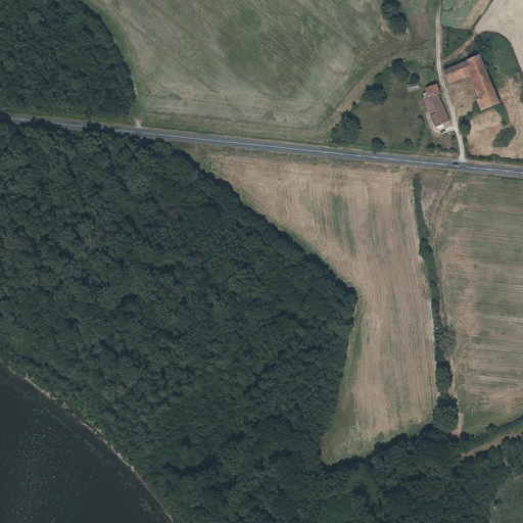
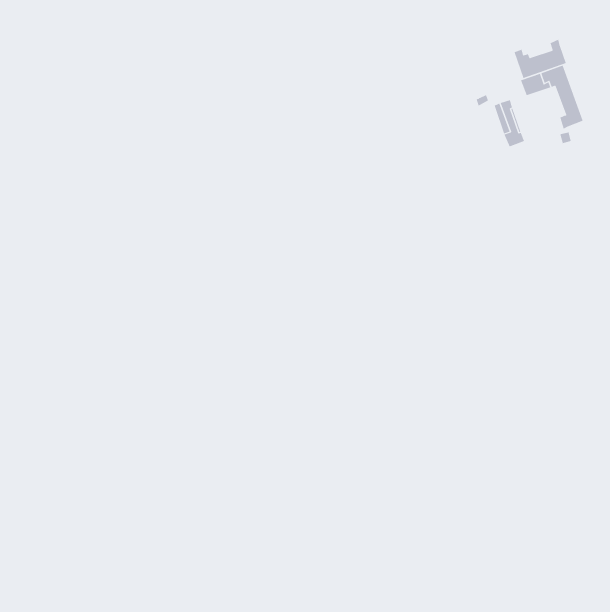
building: none -> [514,39,566,79]

